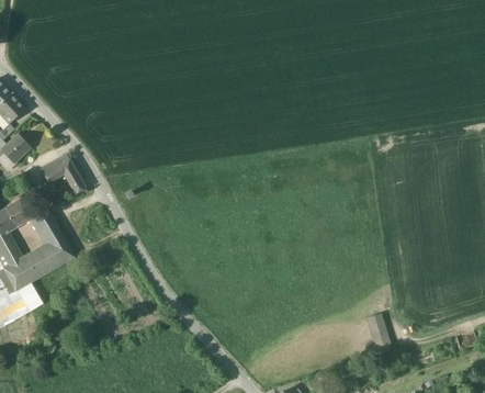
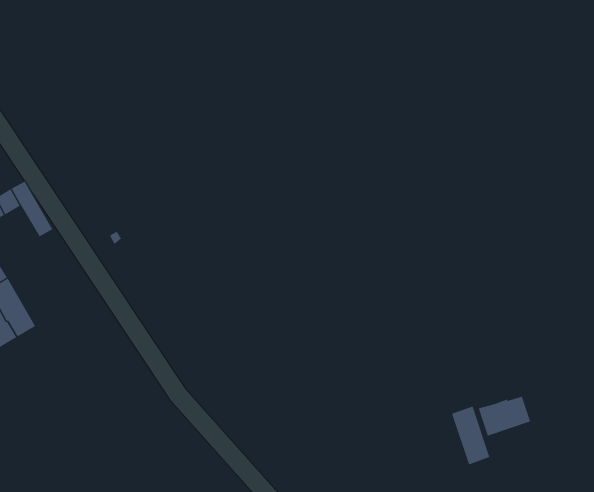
building: none -> [478,396,531,436]

